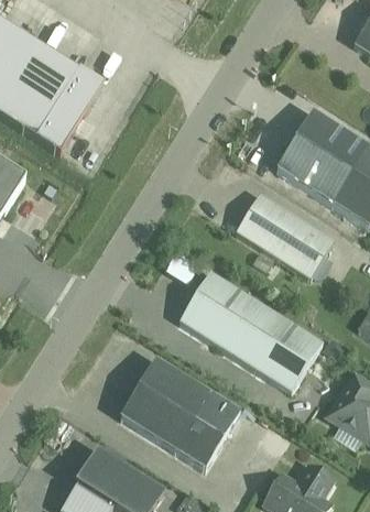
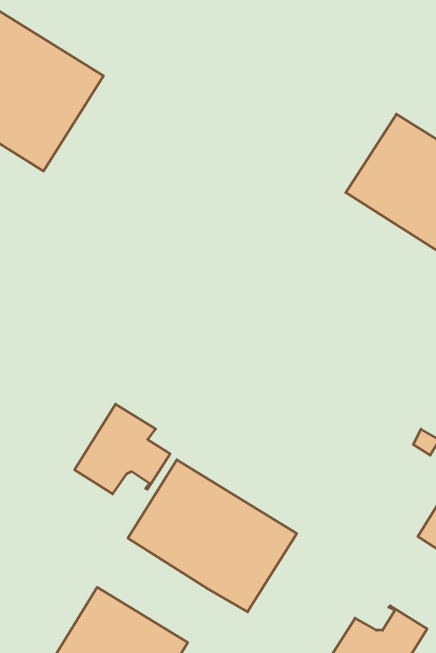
building: [236,190,334,275] -> none
building: [178,269,323,389] -> none
building: none -> [75,404,170,494]

